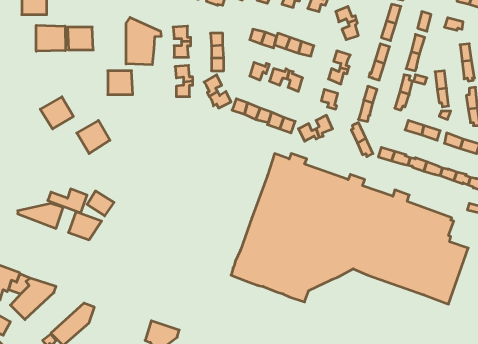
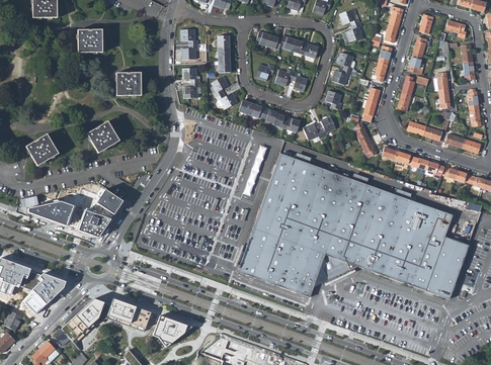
building: [126,17,161,65] -> none
building: [36,25,65,51] -> none
building: [40,97,73,129] -> [25,133,58,165]
building: none -> [106,298,151,329]

